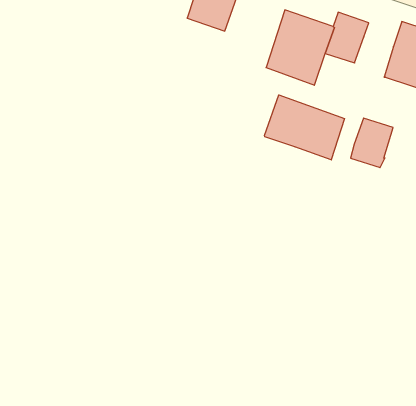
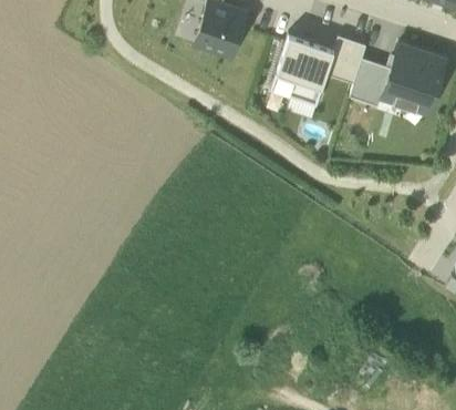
building: [264,95,345,160] -> none
building: [351,118,393,168] -> [351,59,391,105]

